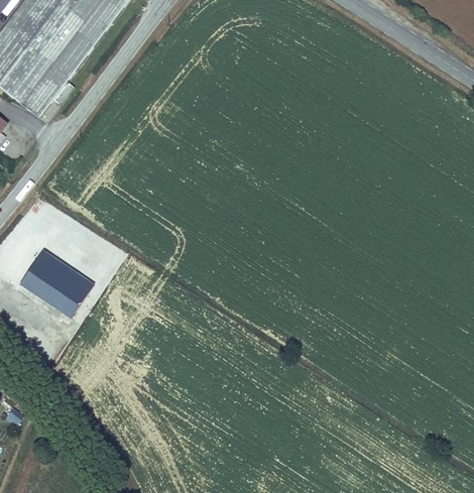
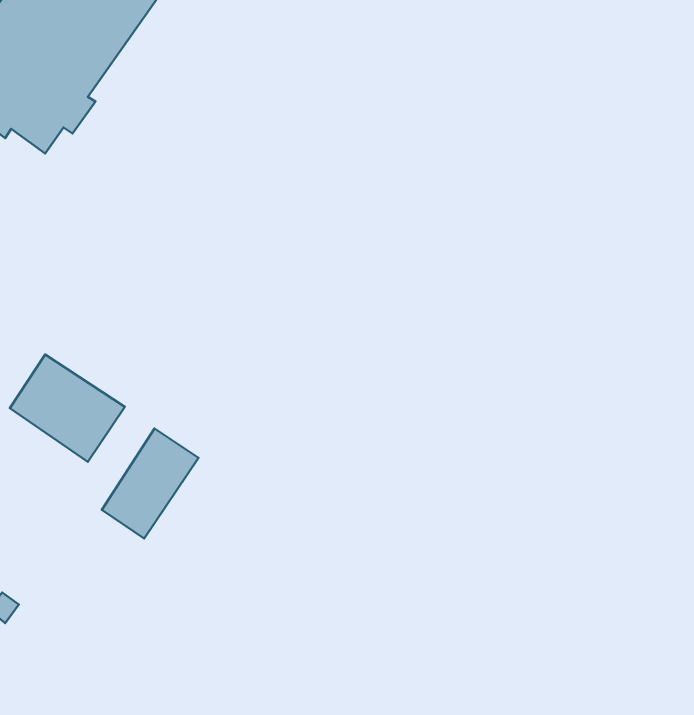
building: none -> [102,429,199,539]

